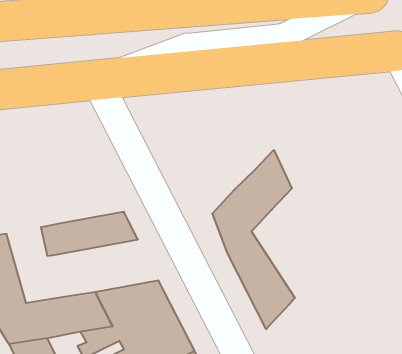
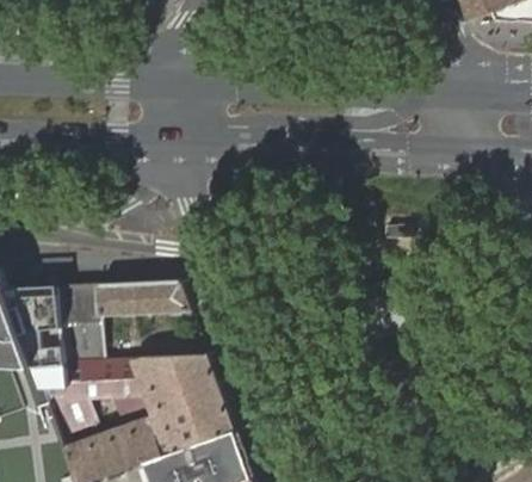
building: [212,150,295,329] -> none
building: none -> [54,284,100,359]

